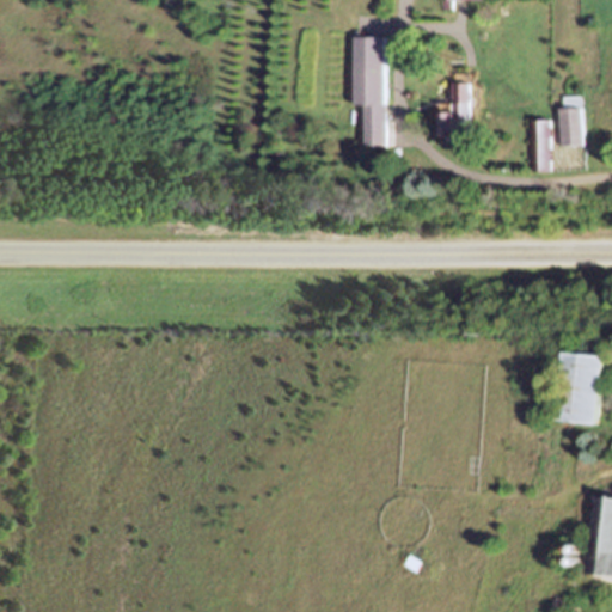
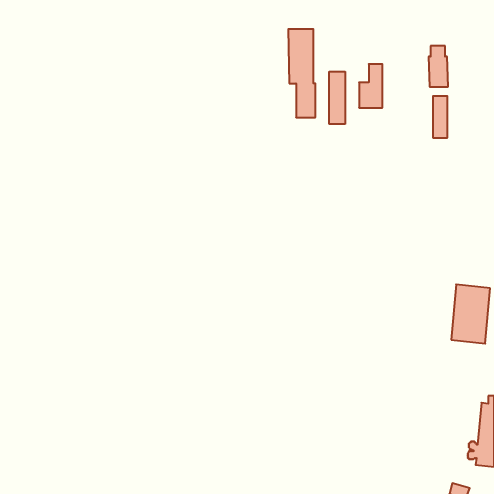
building: none -> [329,72,345,124]
building: [561,97,585,147] -> [429,46,448,87]

